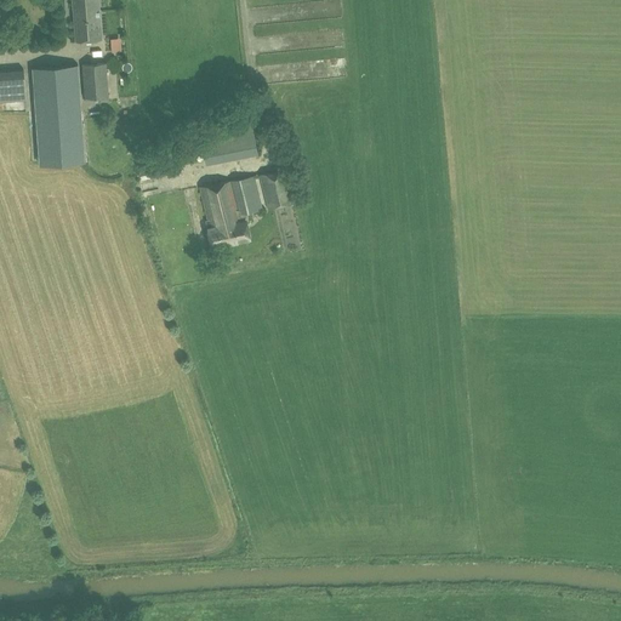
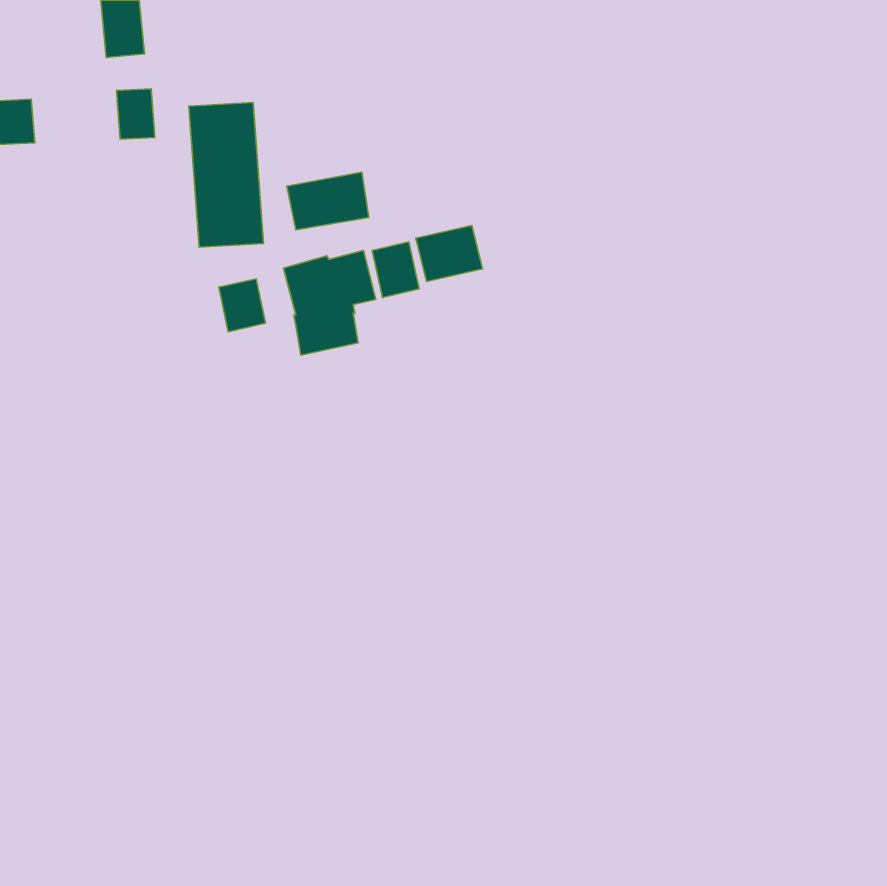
building: [32,67,84,167] -> [189,103,264,247]
building: none -> [416,226,482,281]
building: none -> [219,279,265,332]

